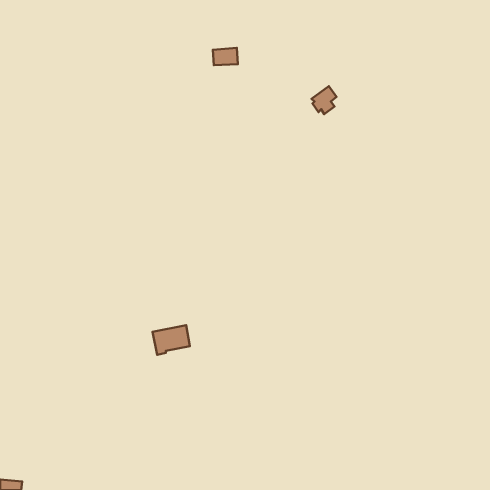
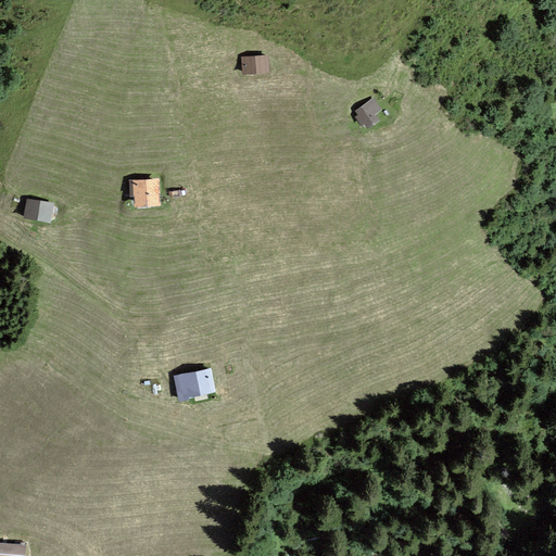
building: none -> [132,179,162,207]
building: none -> [23,199,53,223]

